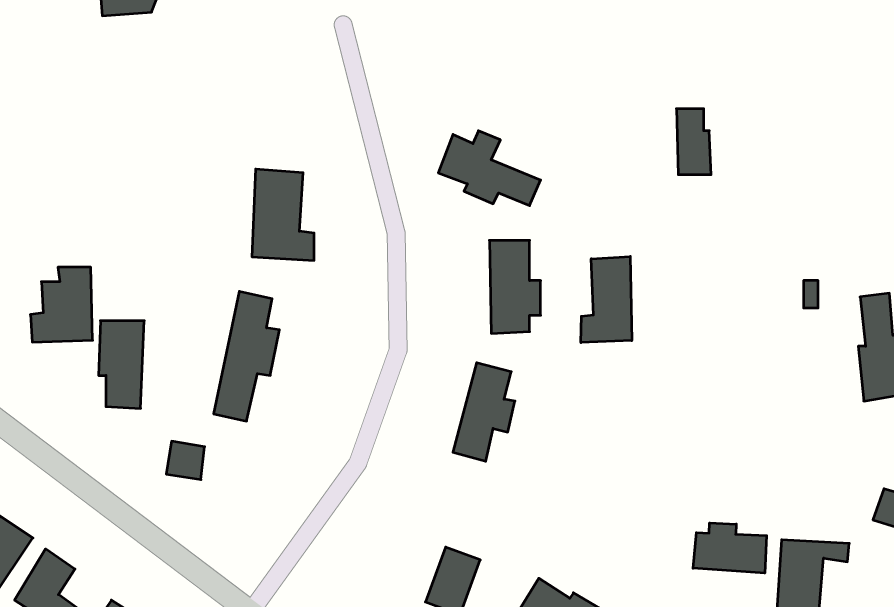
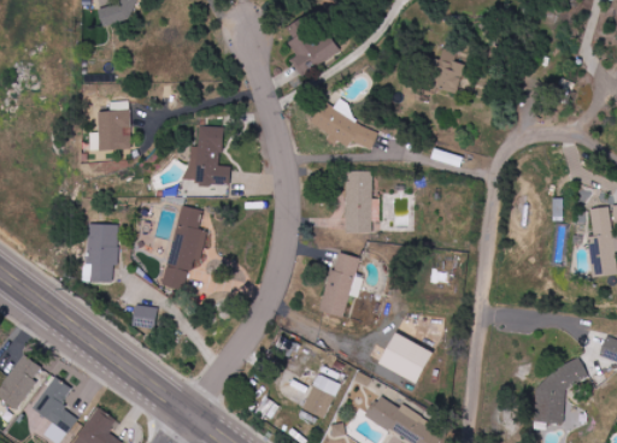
building: none -> [287,28,340,77]
building: [676,109,711,175] -> [437,49,460,93]
building: [581,256,632,343] -> none
building: [30,267,93,342] -> [86,102,127,152]
building: none -> [378,333,433,384]
building: [693,523,767,573] -> none

